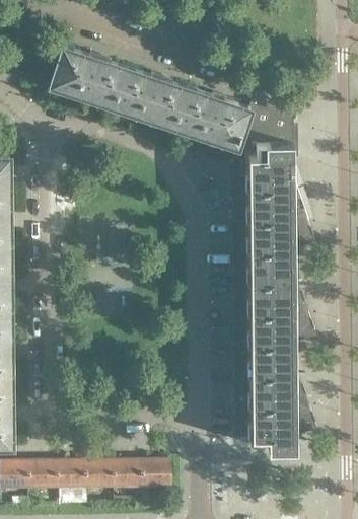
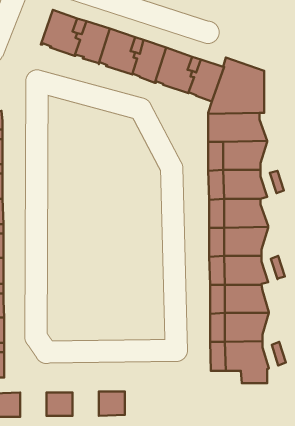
building: [87,462,116,489] -> none
building: [144,462,173,488] -> none
building: [30,463,59,490] -> none

